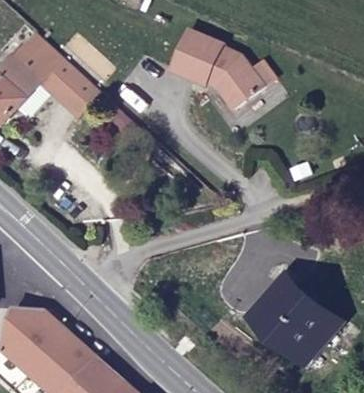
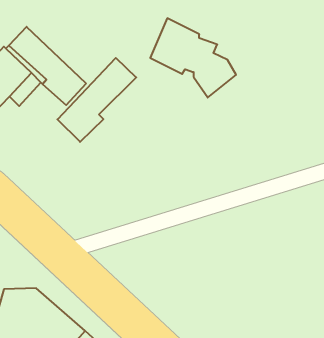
building: none -> [57,58,136,142]
building: [257,281,337,357] -> none

